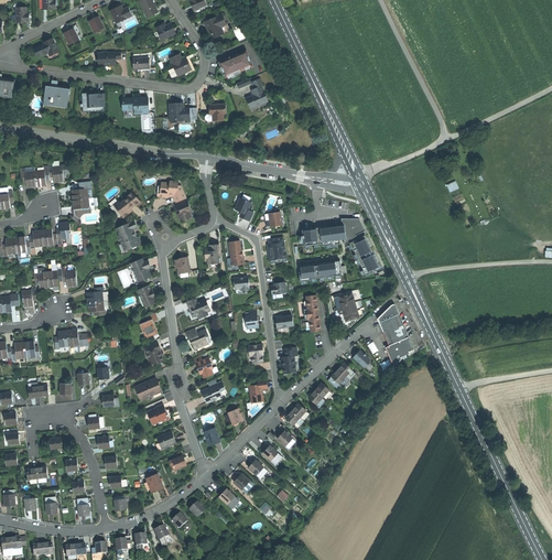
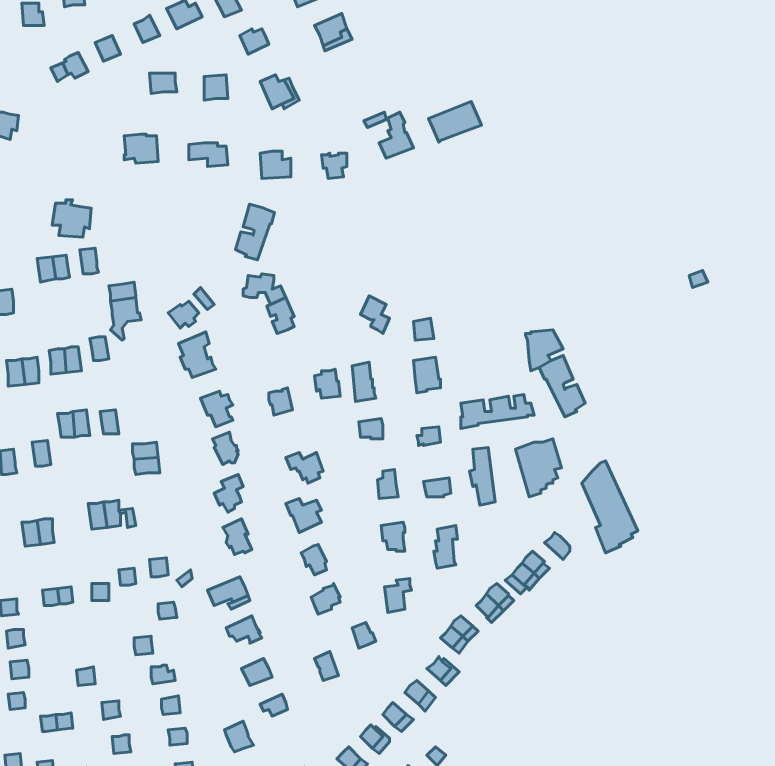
building: [218,50,252,76] -> [429,101,481,142]
building: [43,80,68,105] -> [52,200,91,237]
building: none -> [235,204,274,260]
building: [301,225,343,246] -> none

